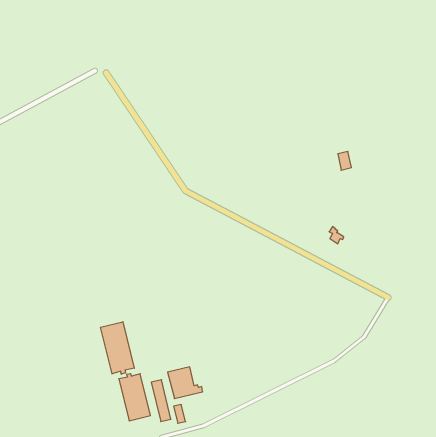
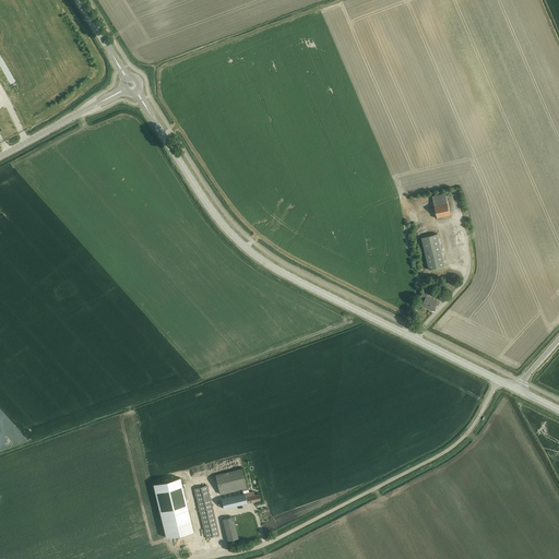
building: none -> [420,234,444,270]
building: [101,322,134,374] -> none

